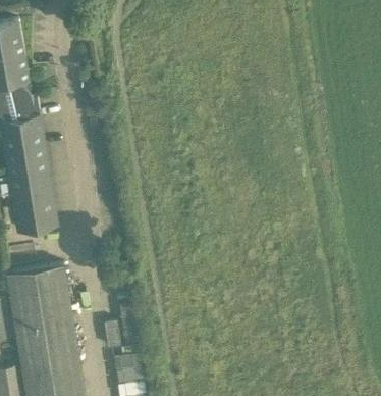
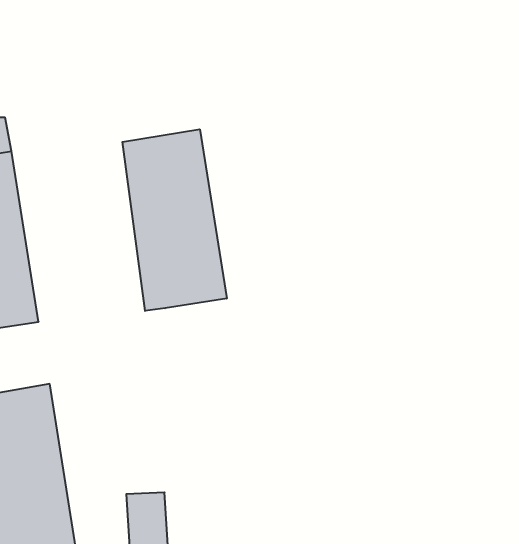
building: none -> [122,129,227,311]

